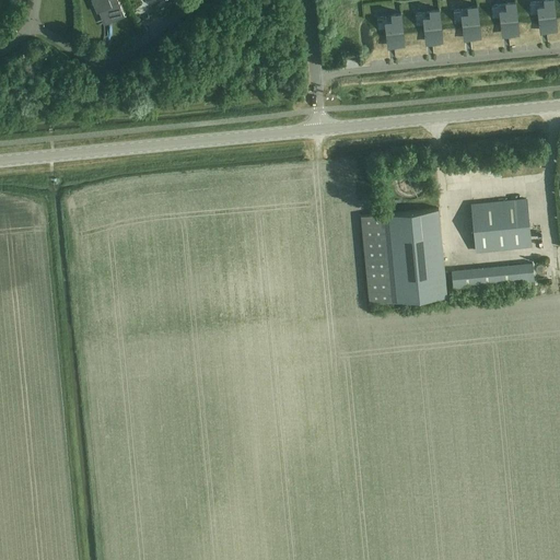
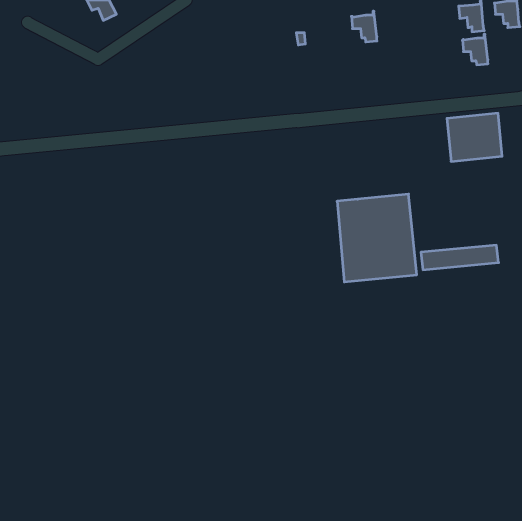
building: [453,5,480,38] -> [462,34,488,65]
building: [415,9,442,43] -> none
building: [471,200,530,252] -> [447,113,502,161]

